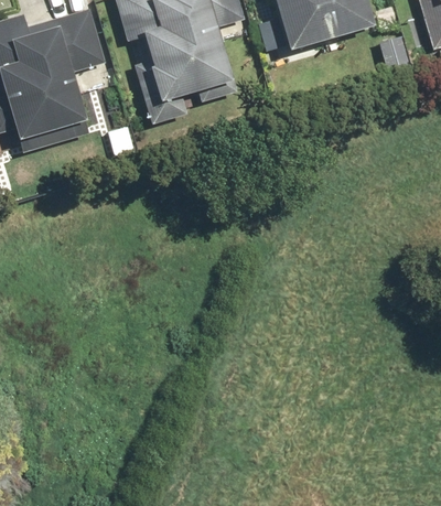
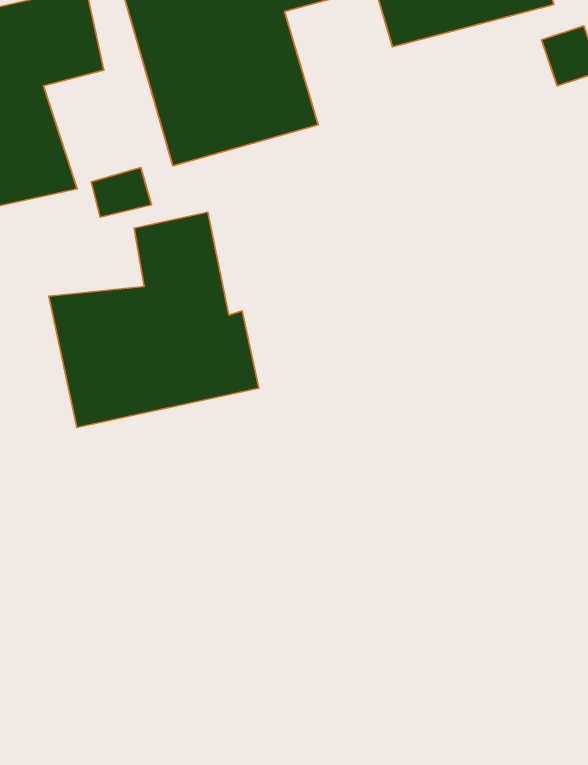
building: none -> [49,212,259,427]

